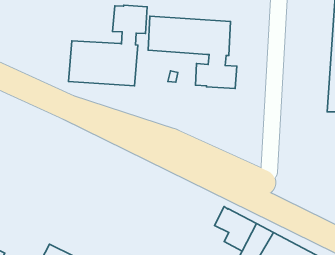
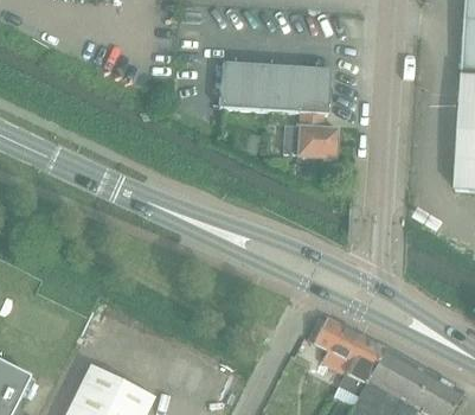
building: [69,5,147,86] -> none

